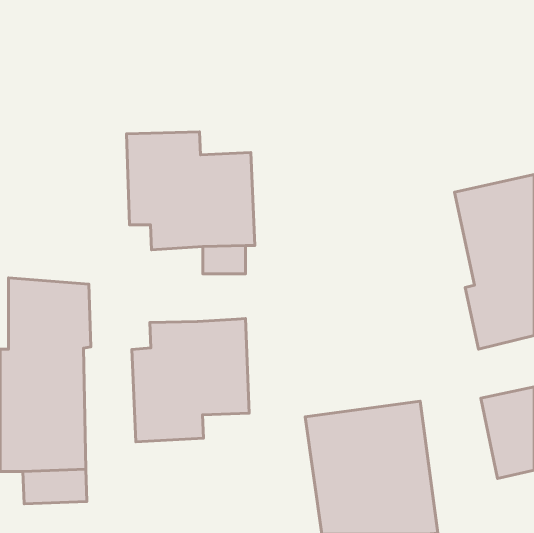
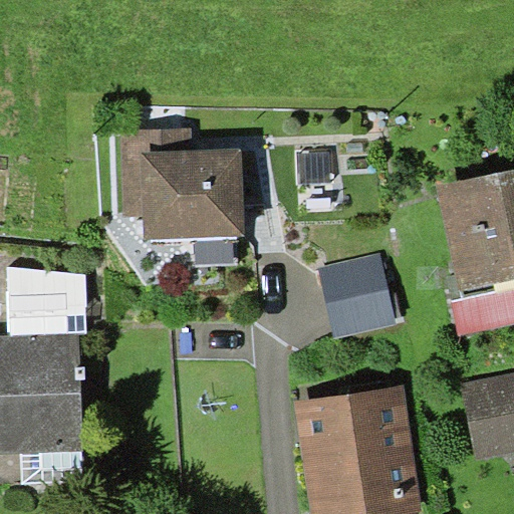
building: none -> [318,254,397,338]
building: [132,319,249,442] -> none

